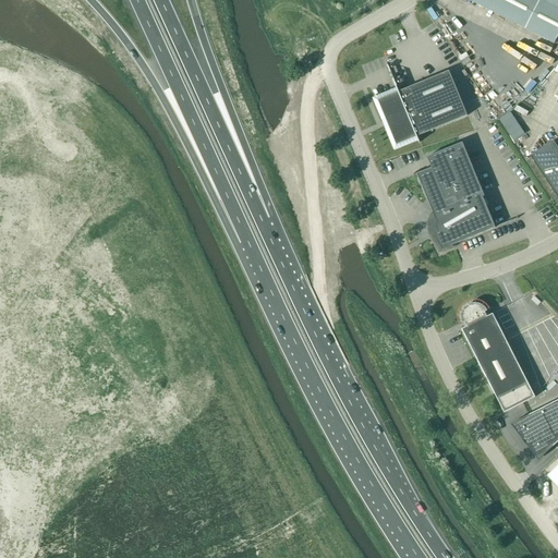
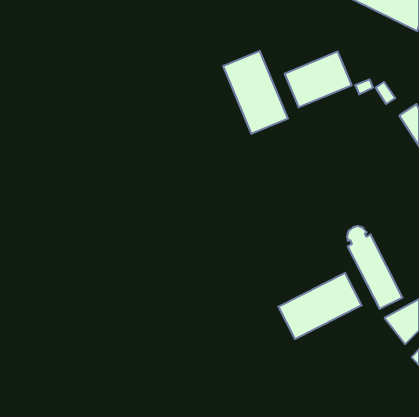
building: none -> [223,51,288,134]
building: [416,141,496,252] -> none
building: none -> [278,273,362,339]

